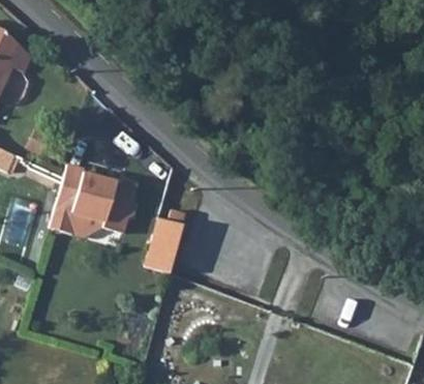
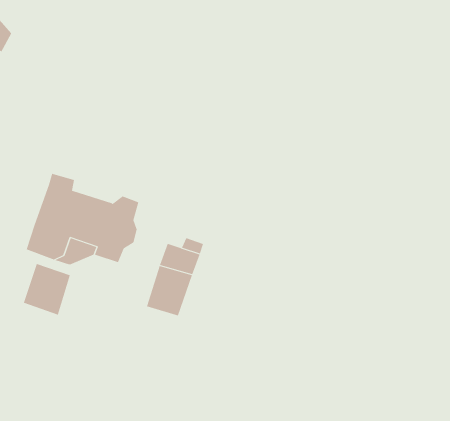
building: none -> [23,263,70,316]

